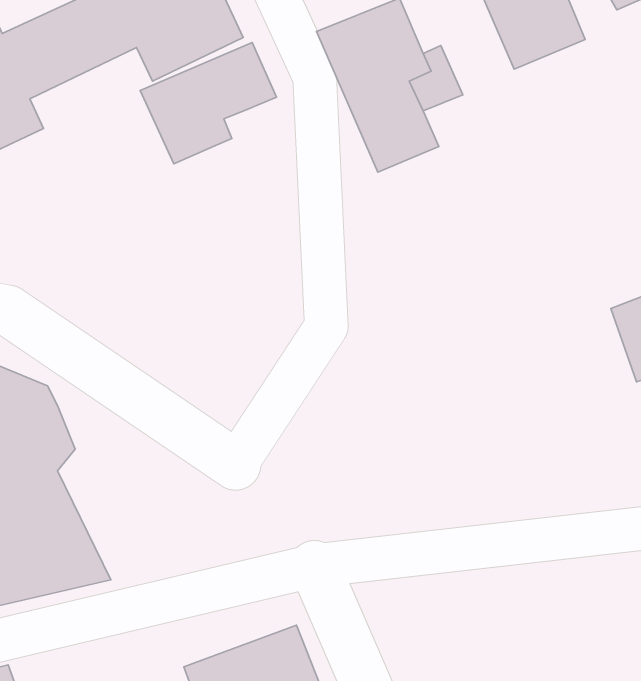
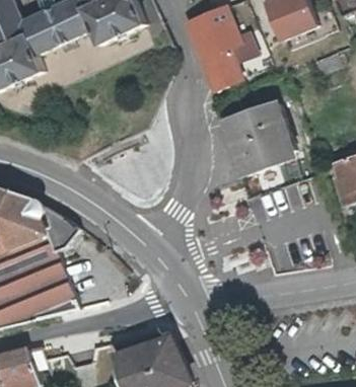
building: [140,43,277,164] -> none
building: none -> [218,102,299,182]

